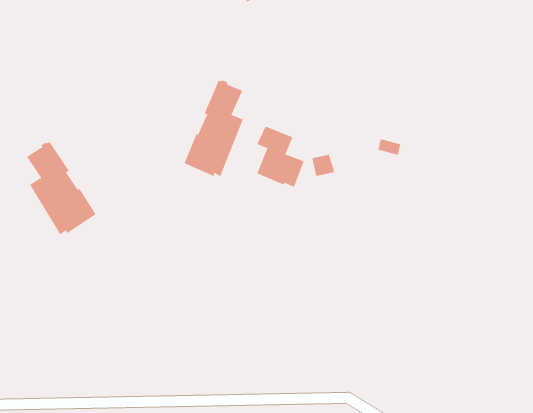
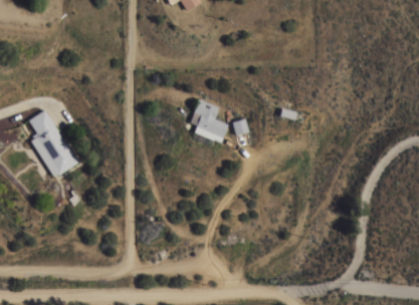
building: [184,79,243,177] -> none

